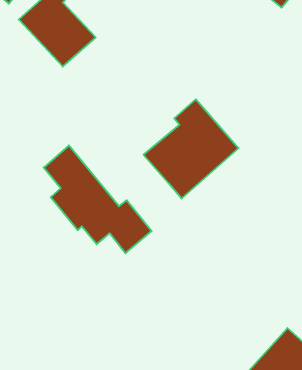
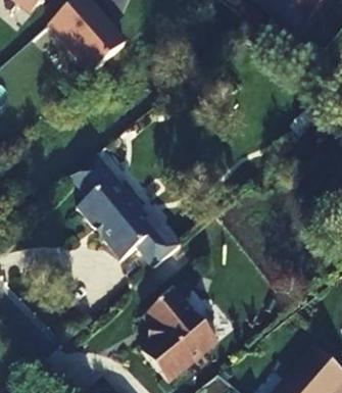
building: [144,99,239,199] -> none
building: none -> [141,289,217,380]

